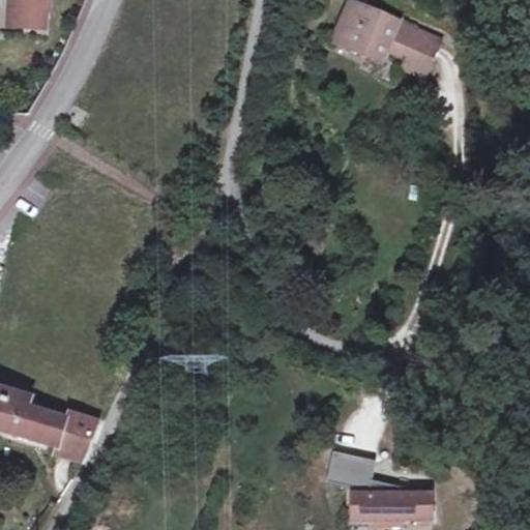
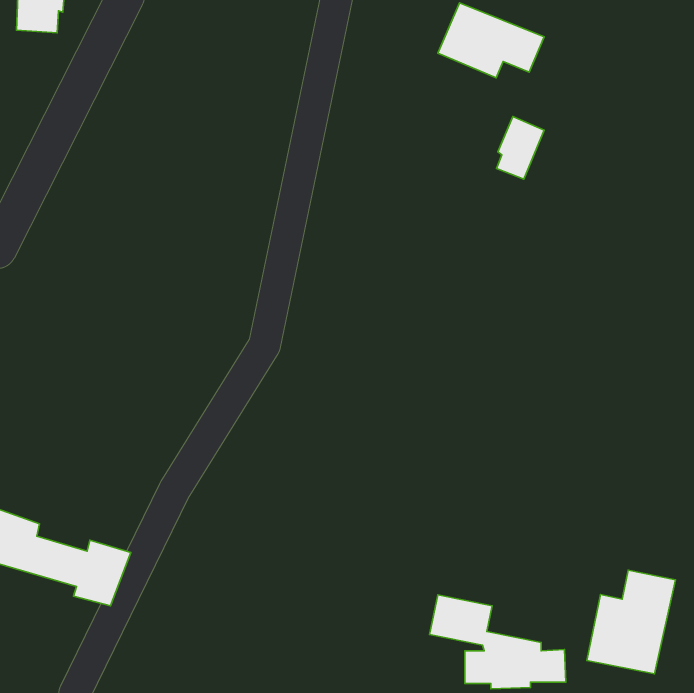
building: [401,28,437,76] -> [497,116,544,179]
building: none -> [587,570,676,674]

